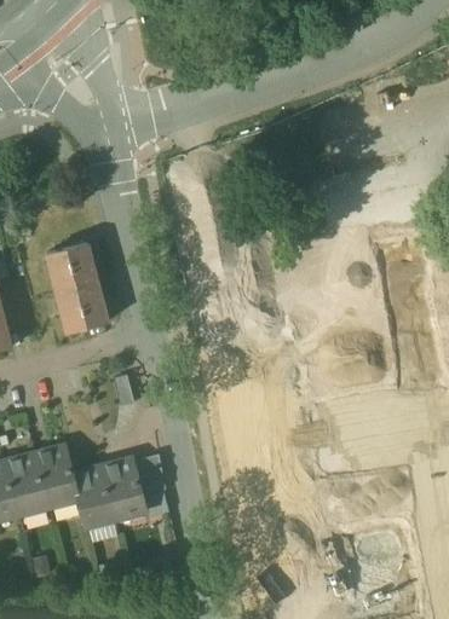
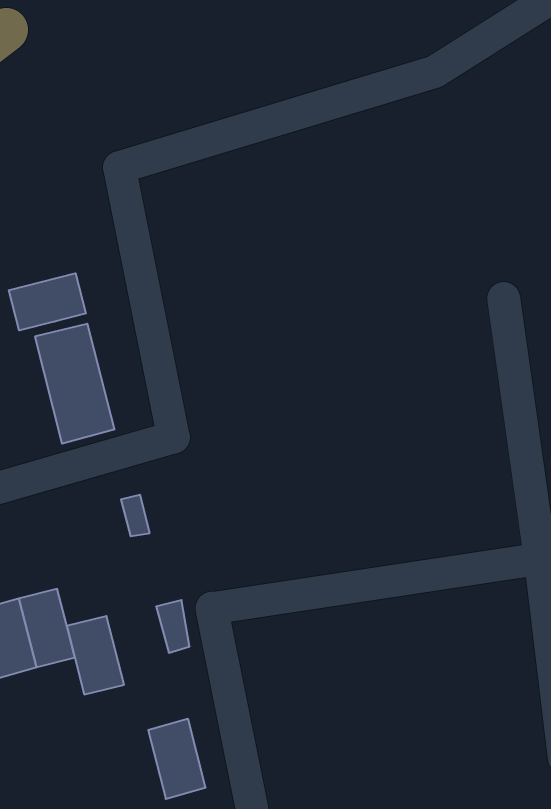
building: none -> [9,273,86,330]
building: [103,458,146,519] -> [148,719,206,799]

